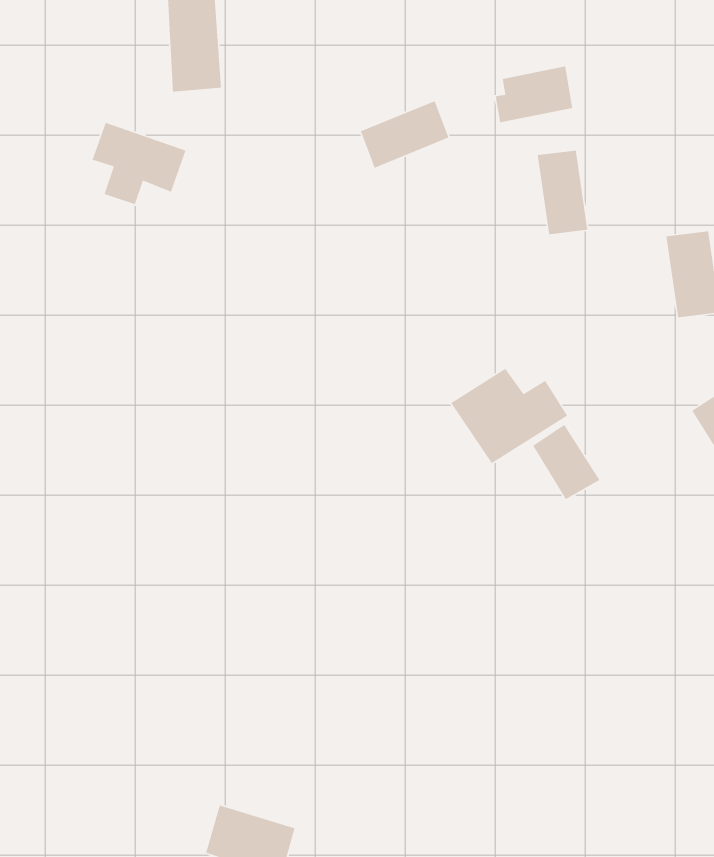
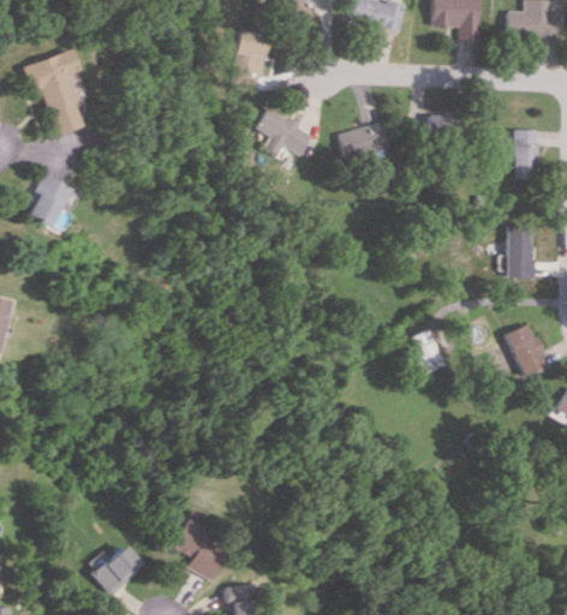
building: [91,122,186,205] -> [255,107,312,160]
building: [537,150,588,235] -> [515,129,541,179]
building: [450,368,568,464] -> none

